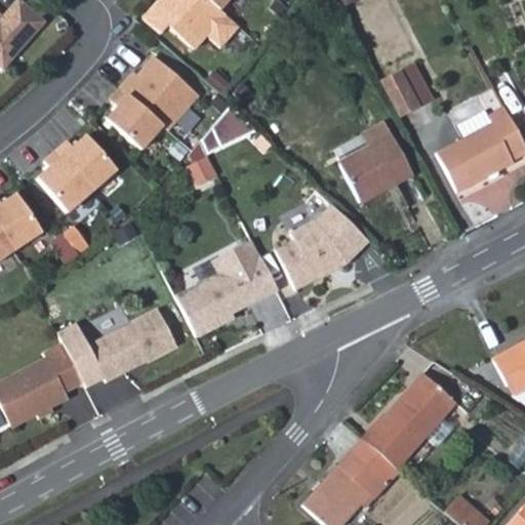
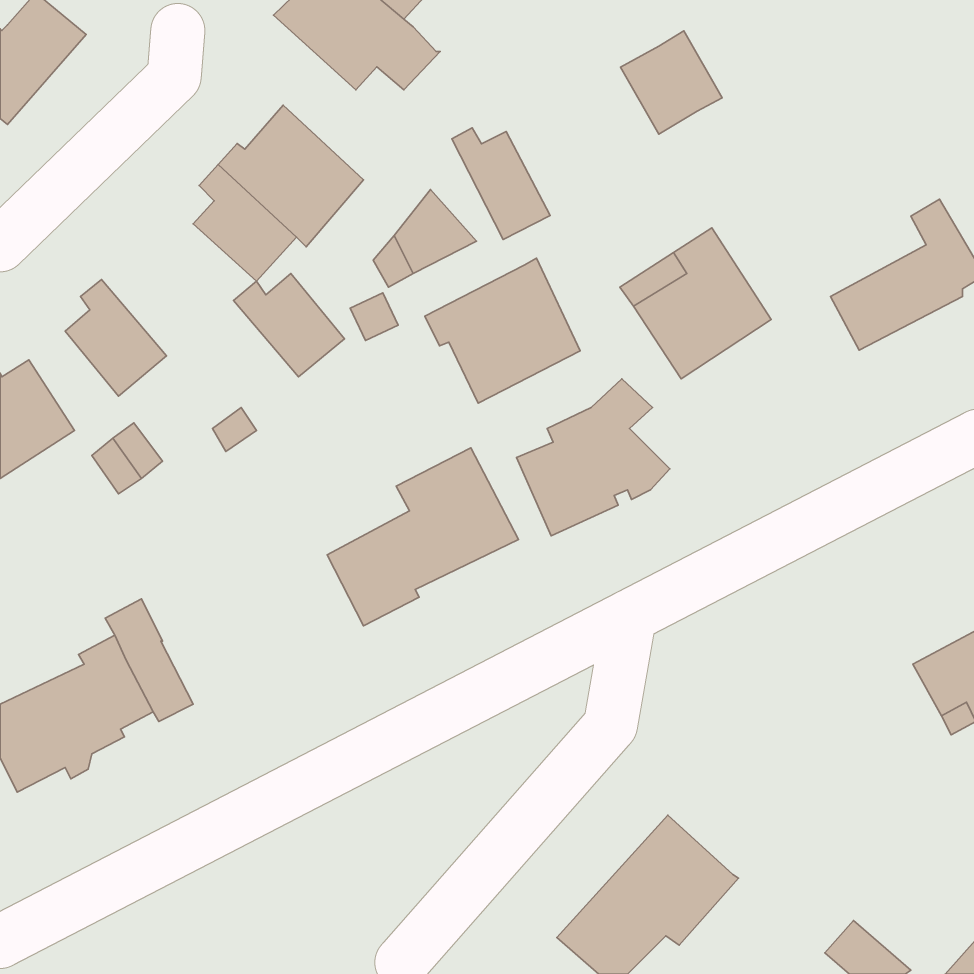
building: [381,63,436,118] -> [621,31,722,134]
building: none -> [452,128,550,240]
building: [56,135,116,191] -> [233,274,344,377]
building: none -> [425,258,580,403]
building: [88,308,178,380] -> none
building: [360,373,453,469] -> none

